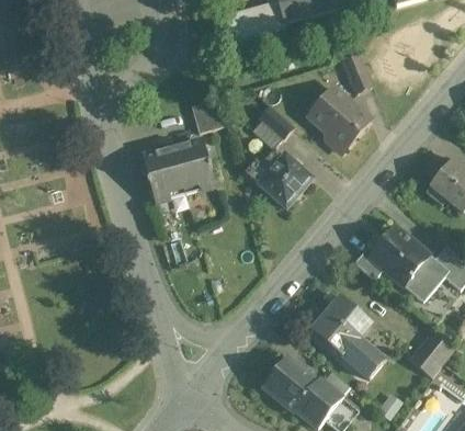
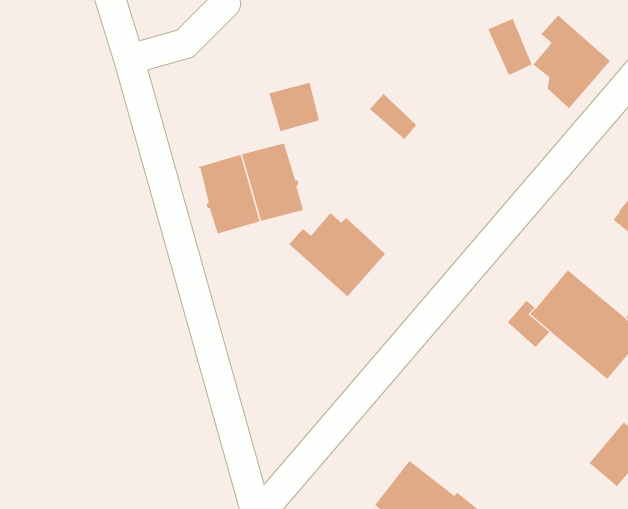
building: [316,88,370,152] -> [532,15,611,109]
building: [246,149,313,207] -> [288,212,386,297]
building: [313,296,384,377] -> none

